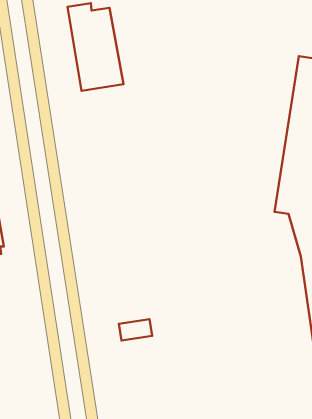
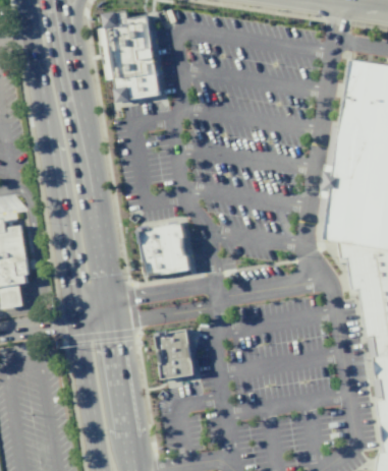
building: none -> [143,226,193,275]
building: none -> [153,328,190,359]

